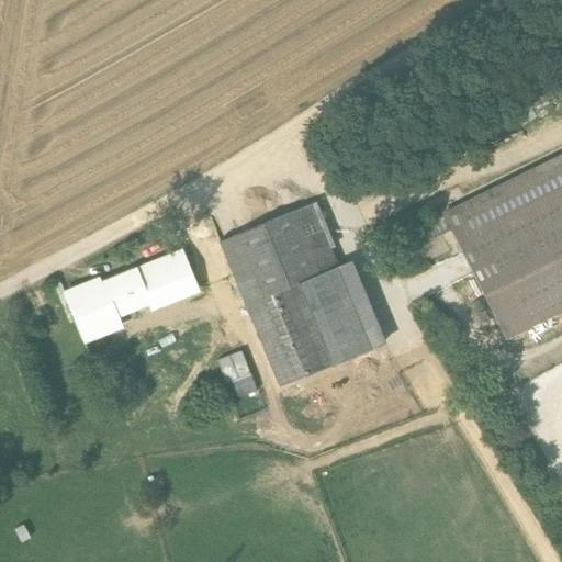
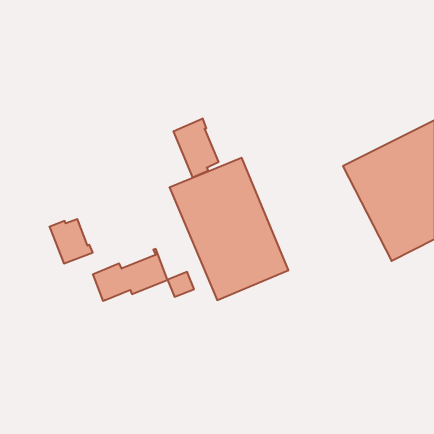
building: none -> [174,118,218,177]
building: [101,249,198,316] -> [93,249,168,301]

